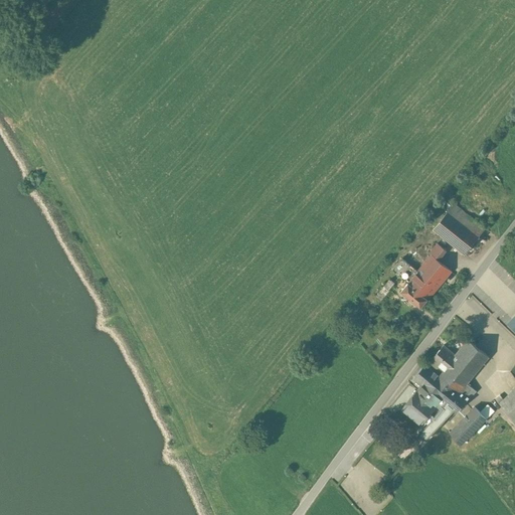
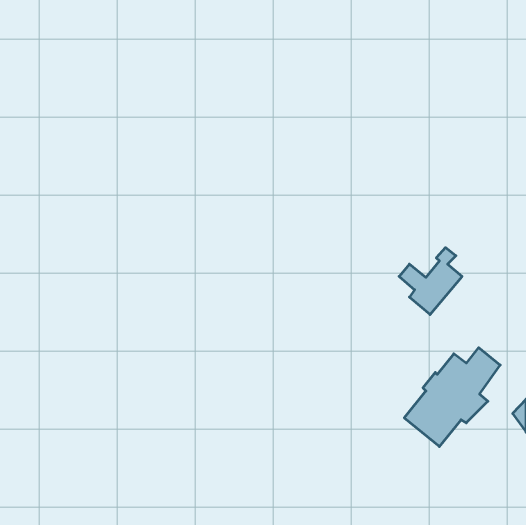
building: [437,201,489,252] -> none
building: [450,408,487,449] -> none

